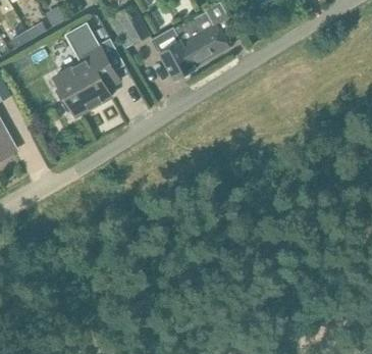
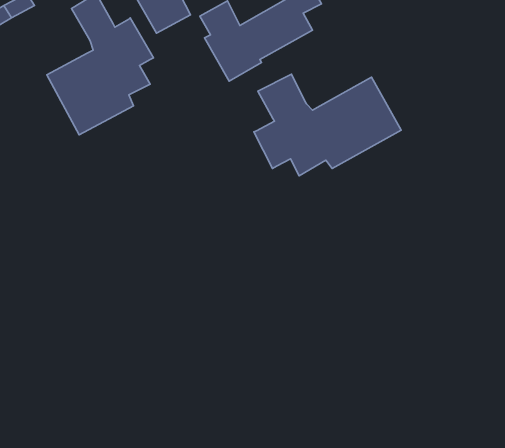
building: none -> [254,74,401,176]

